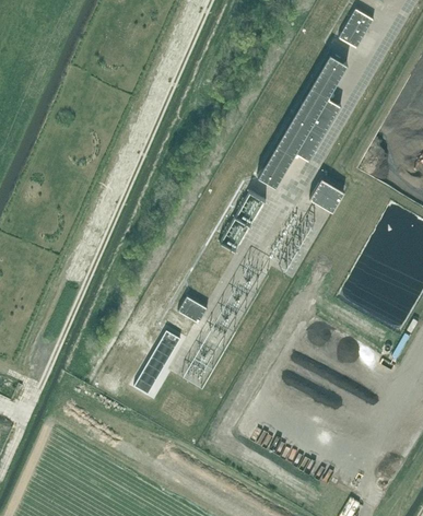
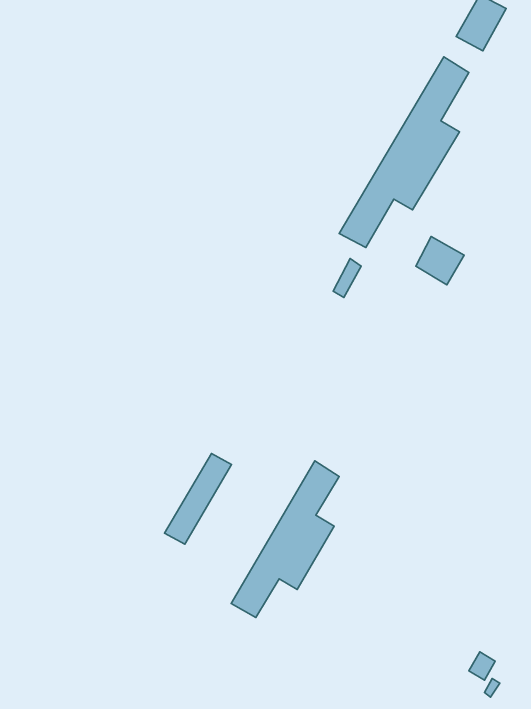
building: [178,297,208,325] -> none
building: none -> [231,461,339,618]

